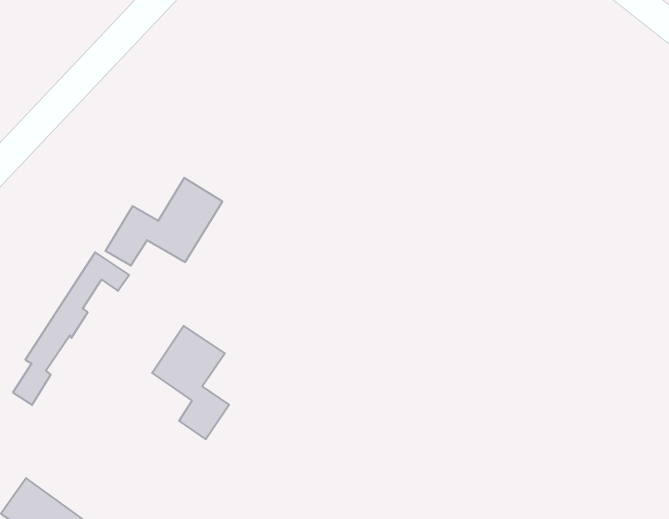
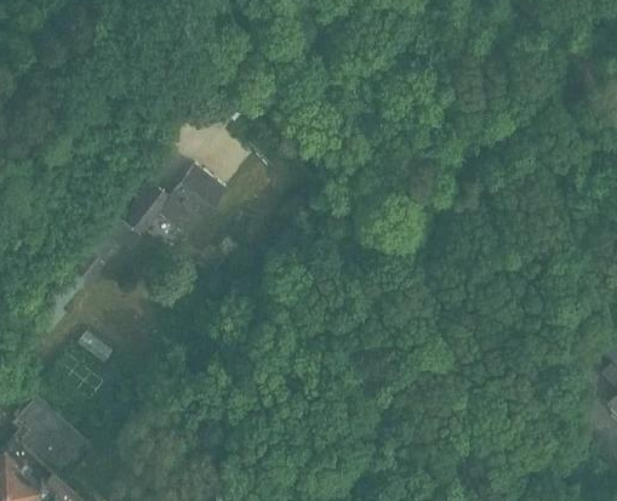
building: [152,326,229,439] -> none

